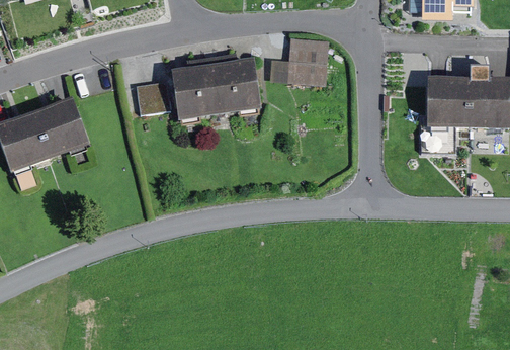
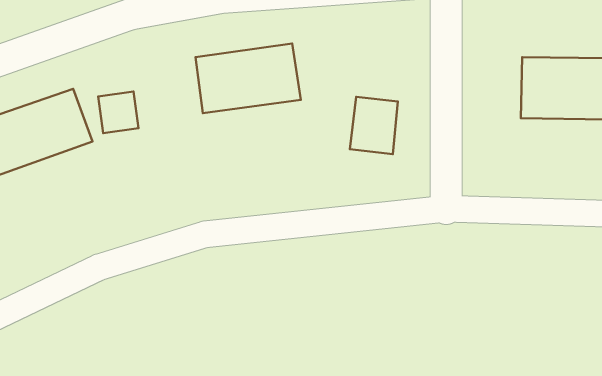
building: [283,36,323,84] -> [350,97,398,154]
building: [134,81,167,115] -> [98,92,138,133]

